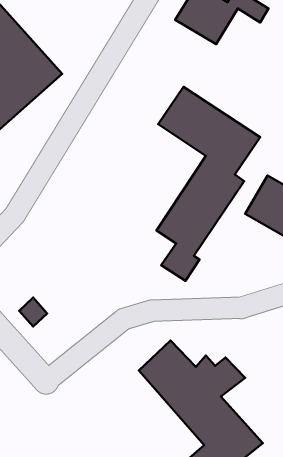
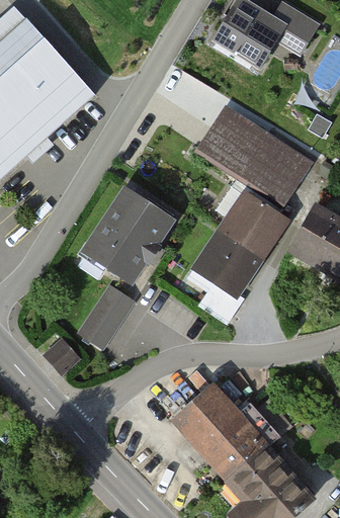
building: none -> [89,188,171,278]
building: none -> [81,283,135,345]

